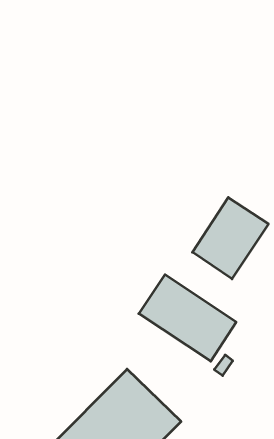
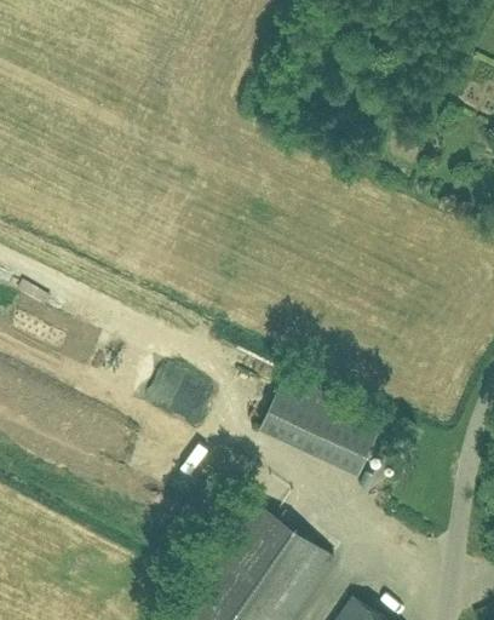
building: [192,197,268,279] -> none

